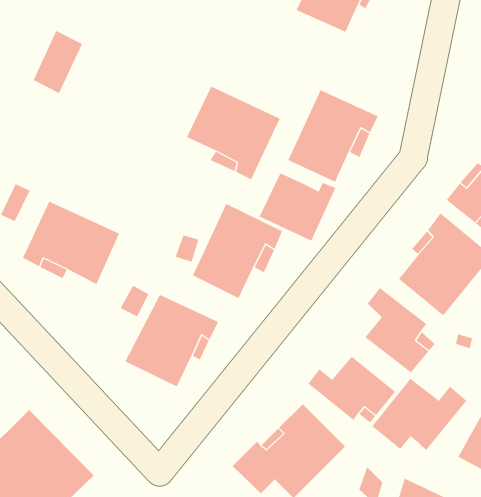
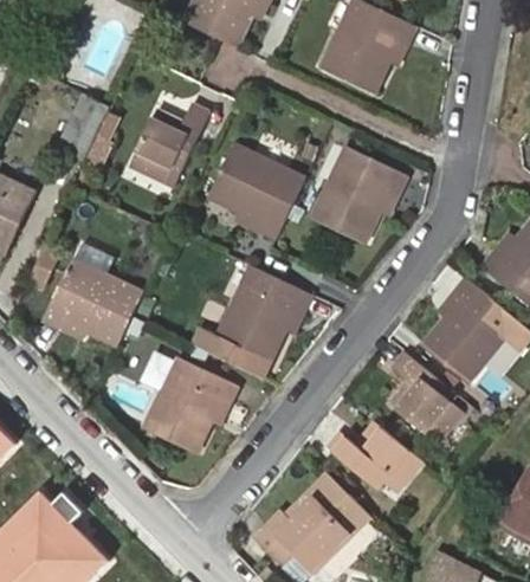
building: none -> [128,109,208,193]
building: [259,172,336,241] -> none
building: [371,378,467,451] -> none

